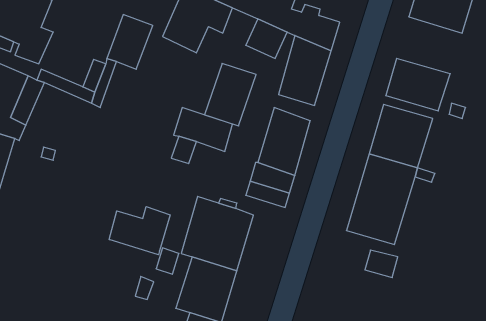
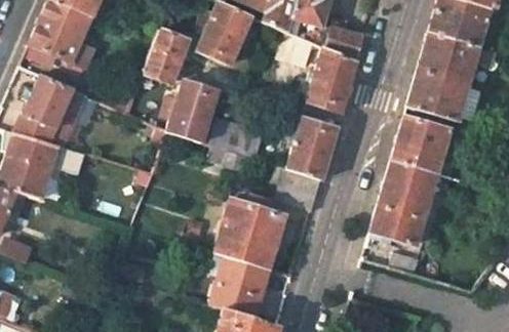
building: none -> [418,31,486,84]
building: [205,63,256,126] -> [169,80,218,138]
building: [109,207,170,255] -> none

